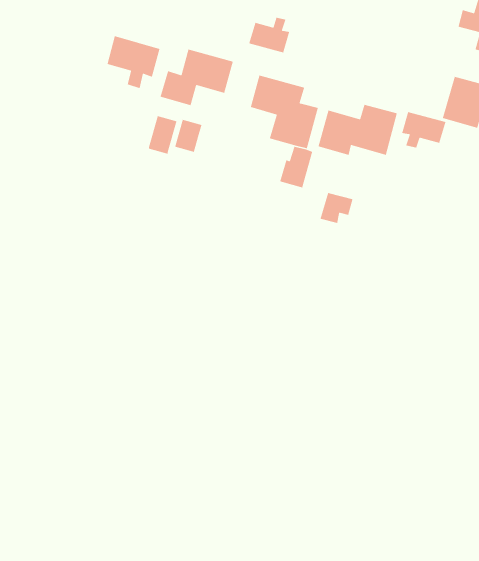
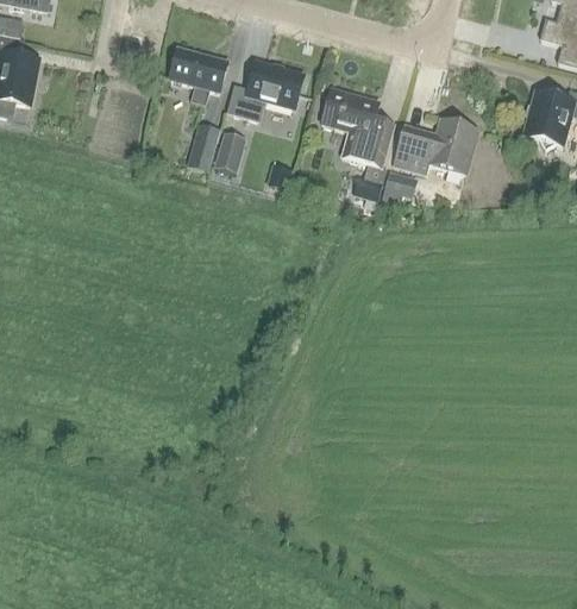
building: [248,17,290,54] -> none
building: [401,111,446,149] -> none
building: [174,119,202,153] -> [190,123,220,158]
building: [320,192,353,224] -> [381,170,416,203]

